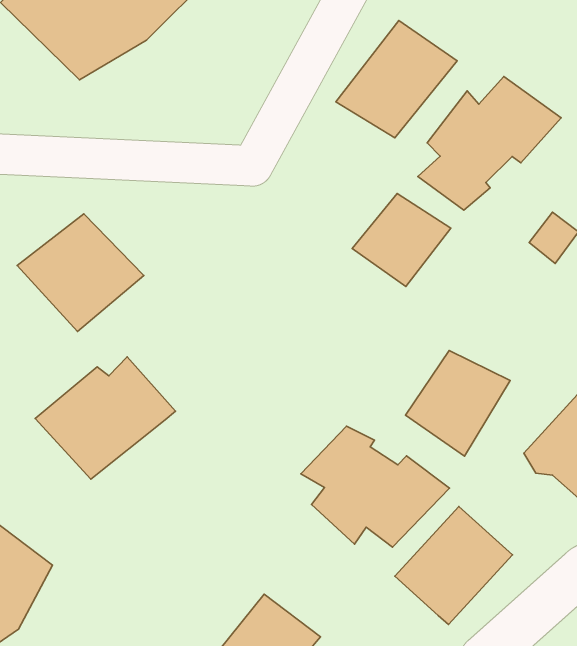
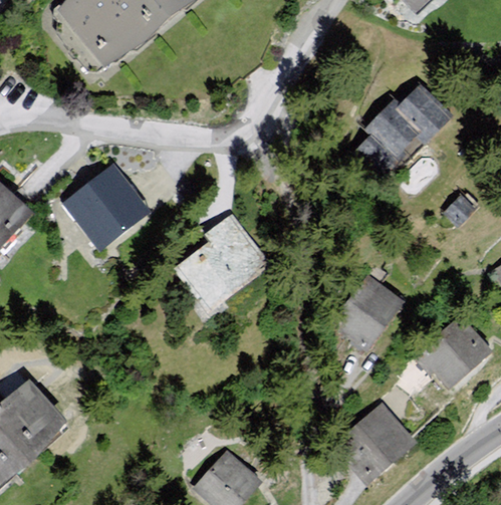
building: [336,20,457,138] -> none
building: [352,193,451,286] -> none
building: [35,357,176,479] -> [173,226,275,313]
building: [301,426,450,547] -> none

